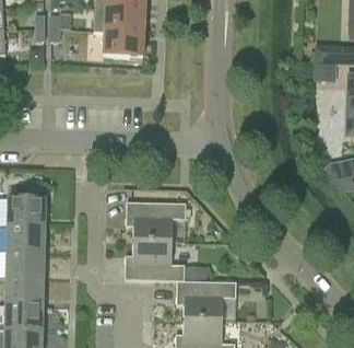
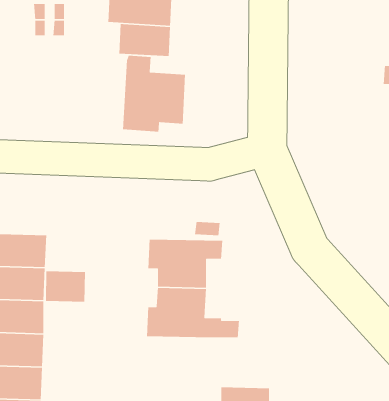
building: none -> [122,55,186,133]
building: none -> [45,270,86,303]
building: [177,281,236,321] -> none

